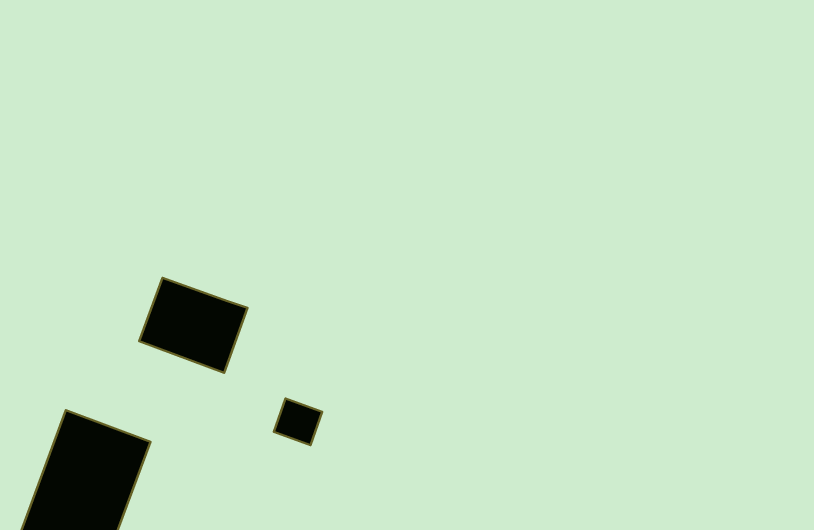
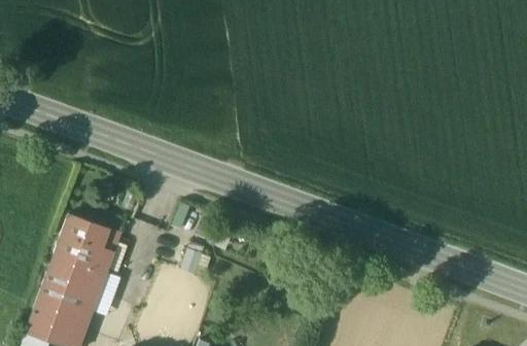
building: [139,278,248,373] -> [54,215,120,274]

